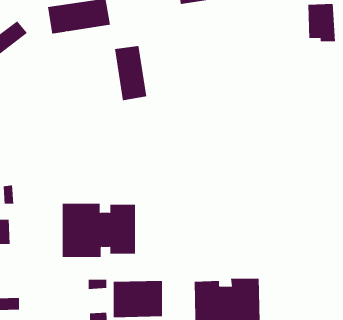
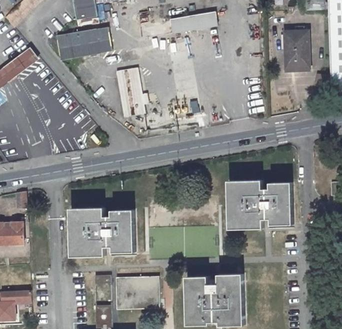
building: none -> [228,178,292,229]

